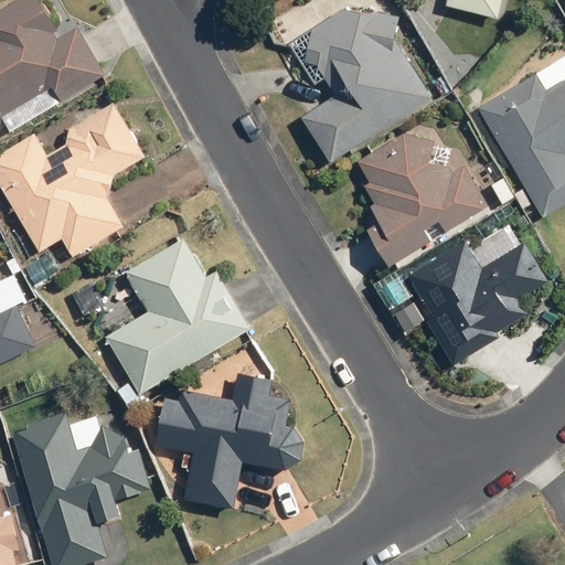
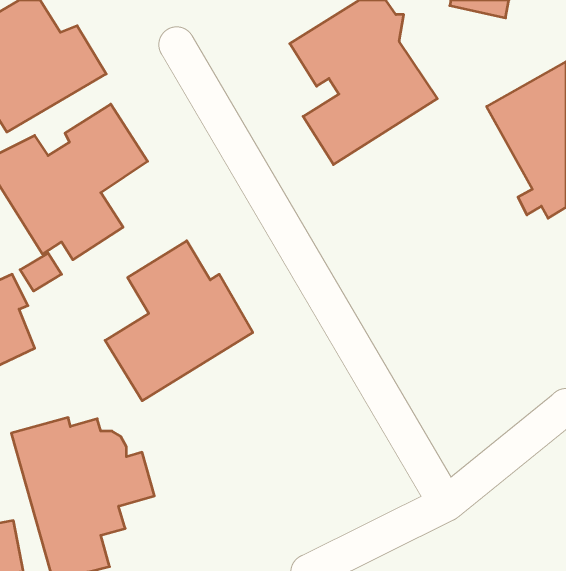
building: [354,122,490,269] -> none
building: [407,224,548,362] -> none
building: [158,376,302,507] -> none

